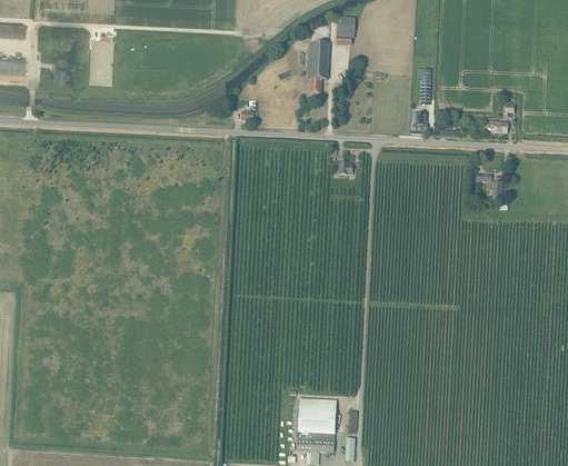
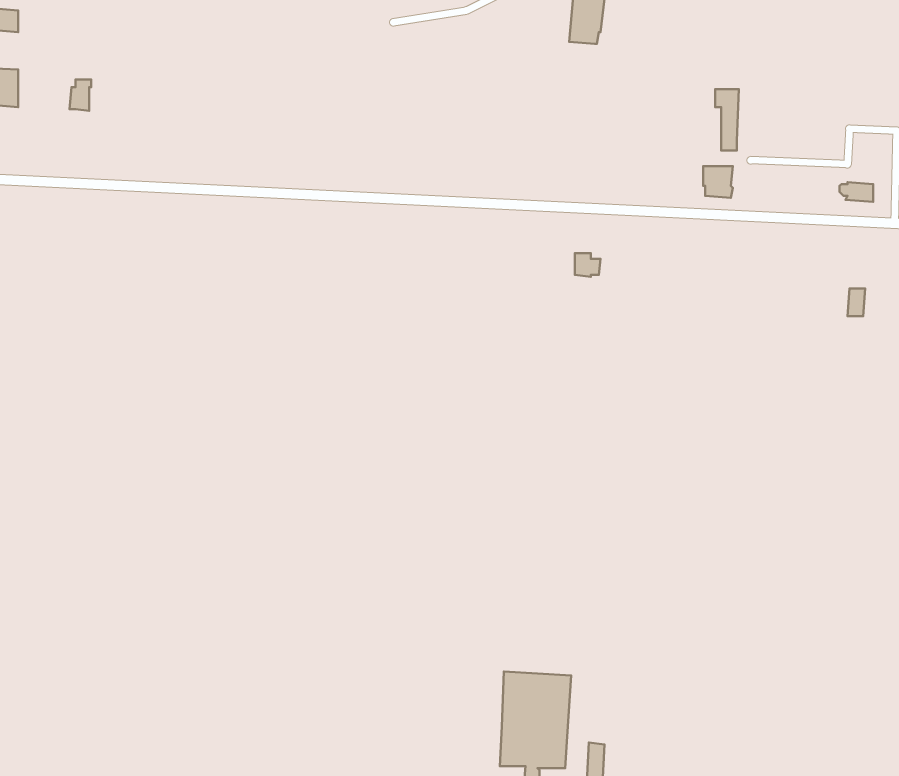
building: [308,42,328,92] -> none

